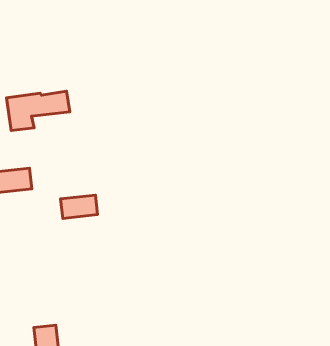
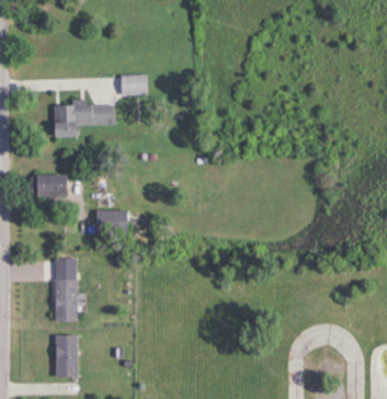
building: none -> [121,75,150,95]
building: none -> [55,258,77,322]

